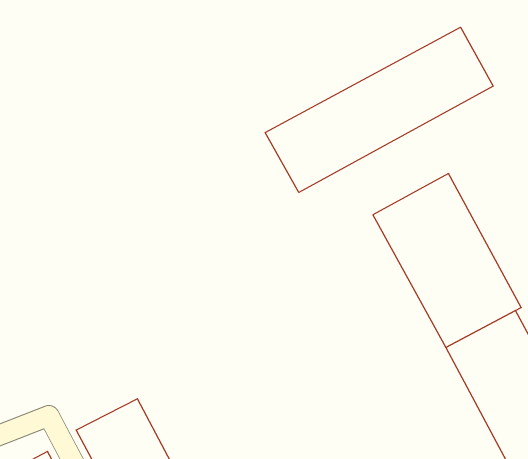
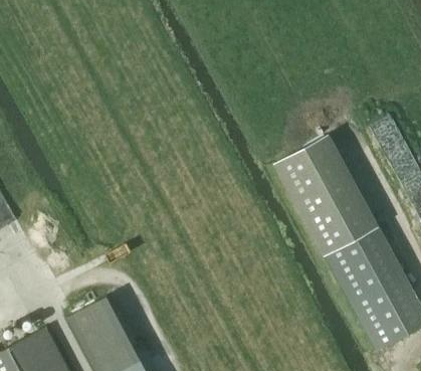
building: [265,27,493,192] -> none

